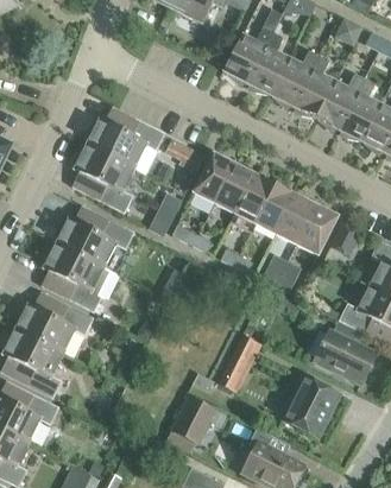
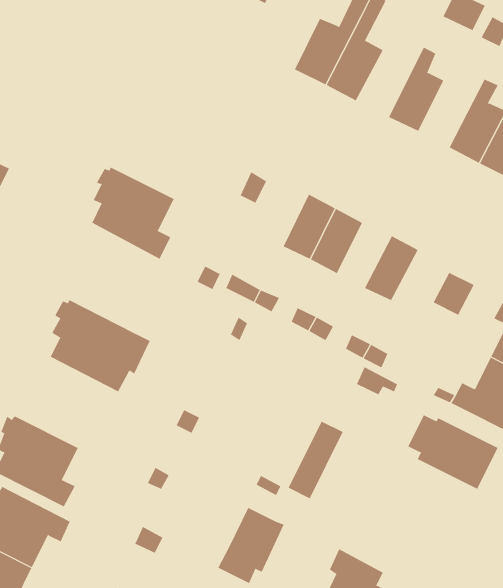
building: [270,50,320,107] -> none
building: [316,72,365,129] -> none
building: [84,107,164,167] -> none
building: [194,153,234,203] -> none
building: [256,185,296,234] -> none
building: [296,205,338,254] -> none
building: [53,207,133,267] -> none
building: [13,292,93,353] -> none
building: [279,374,341,438] -> none

